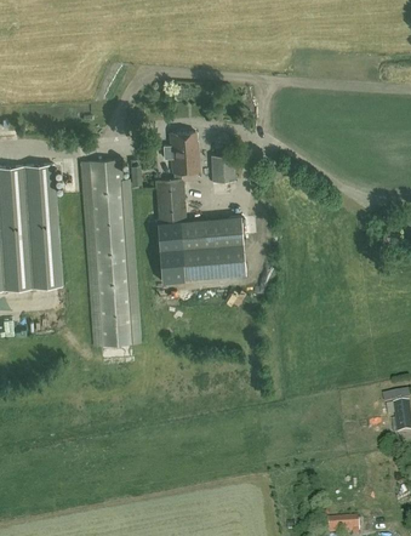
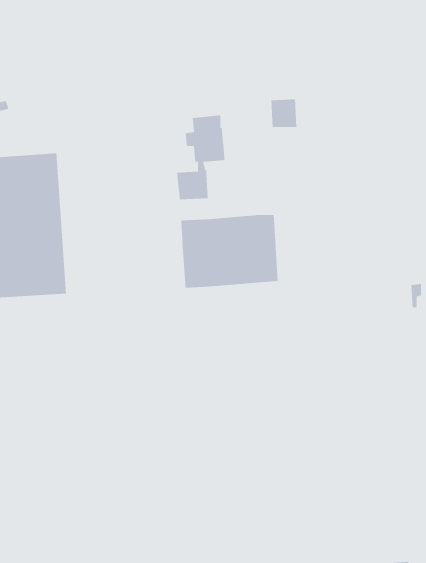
building: [209,156,232,182] -> [271,98,297,128]
building: [84,160,131,347] -> none

